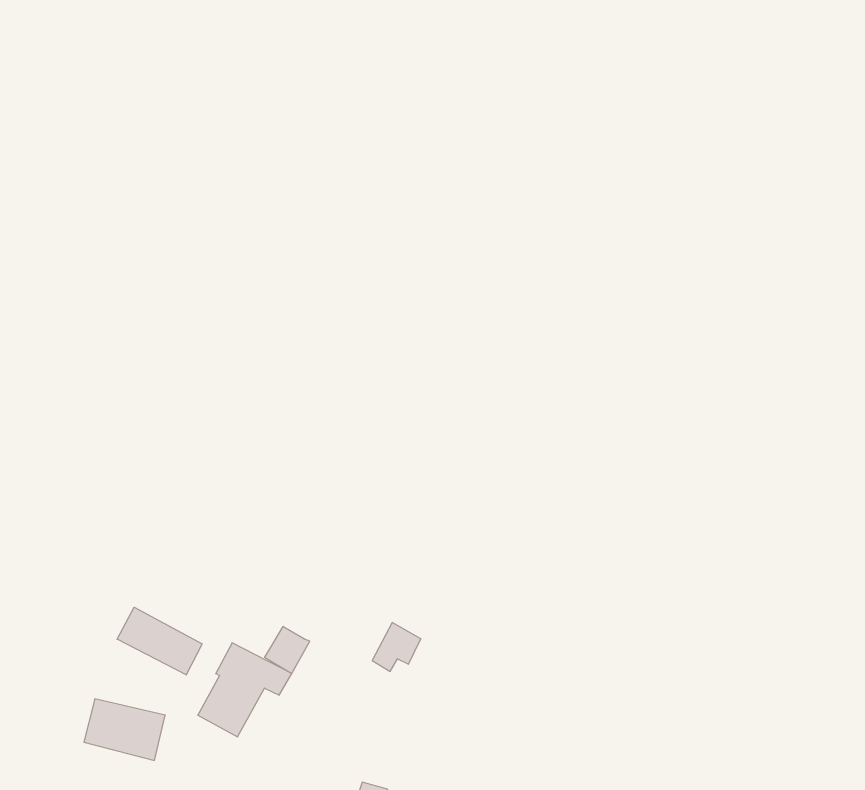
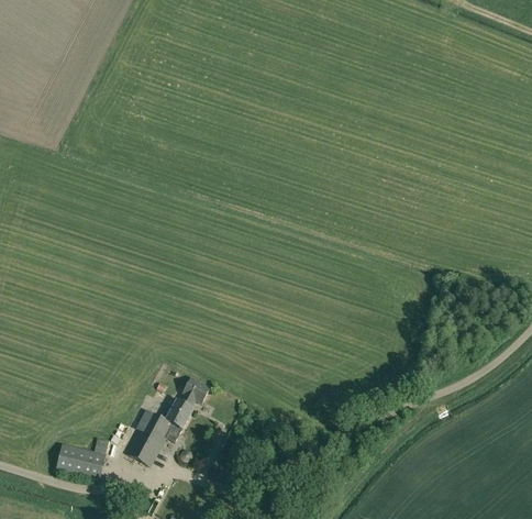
building: [117,607,202,675] -> none
building: [372,623,421,671] -> [179,376,209,406]

